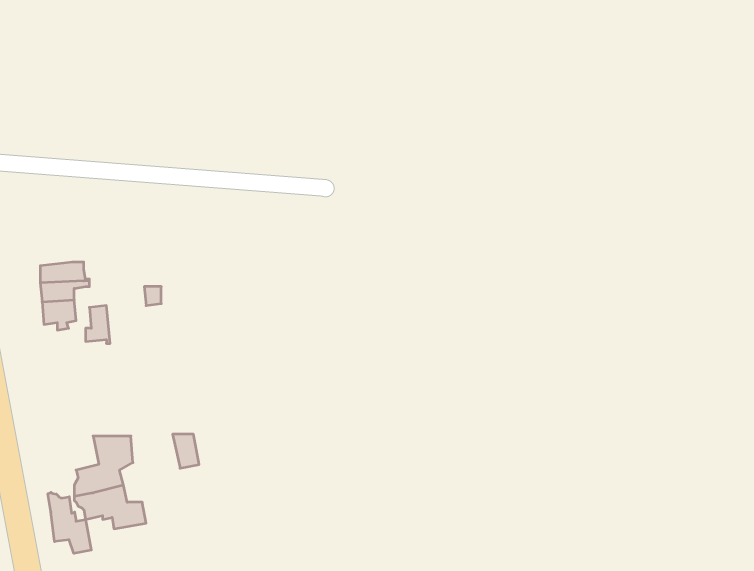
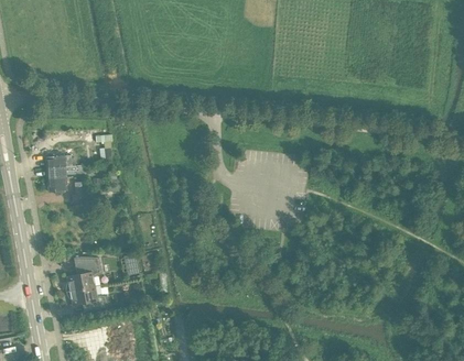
building: [48,492,91,553] -> none

